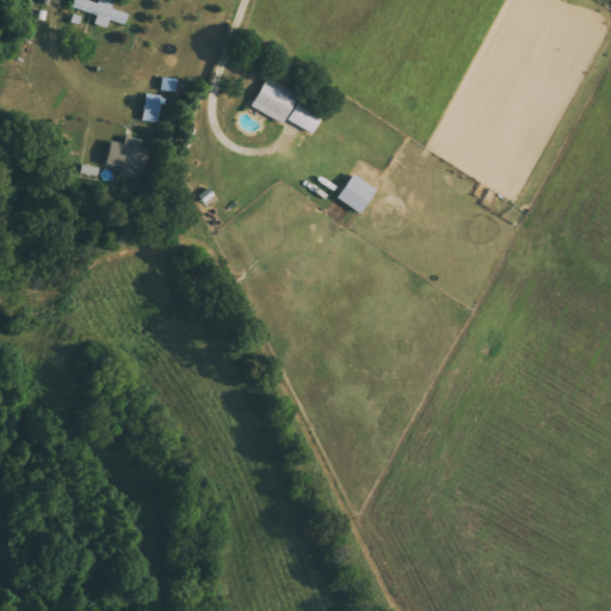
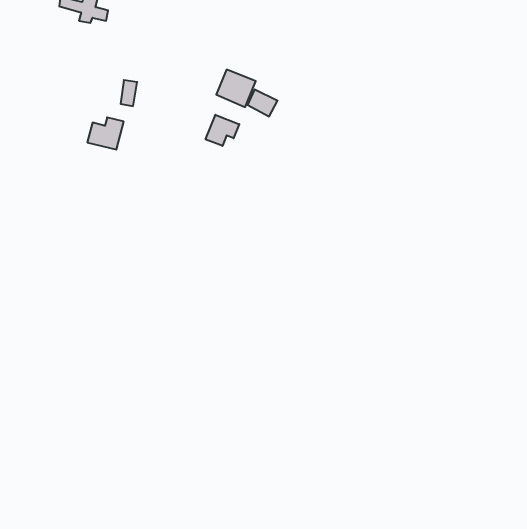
building: none -> [206,115,239,146]
building: [337,172,377,212] -> none

